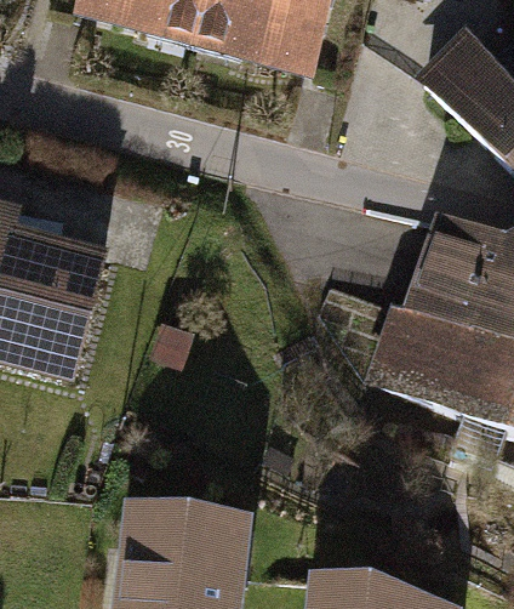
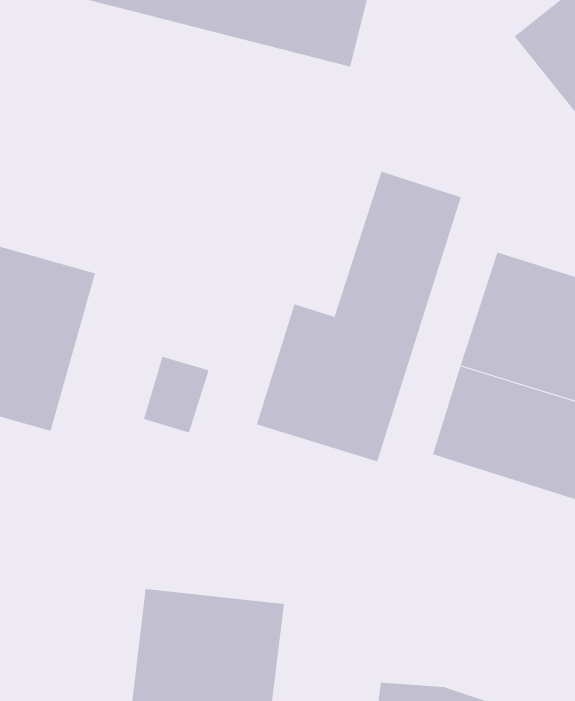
building: none -> [256,171,461,462]

